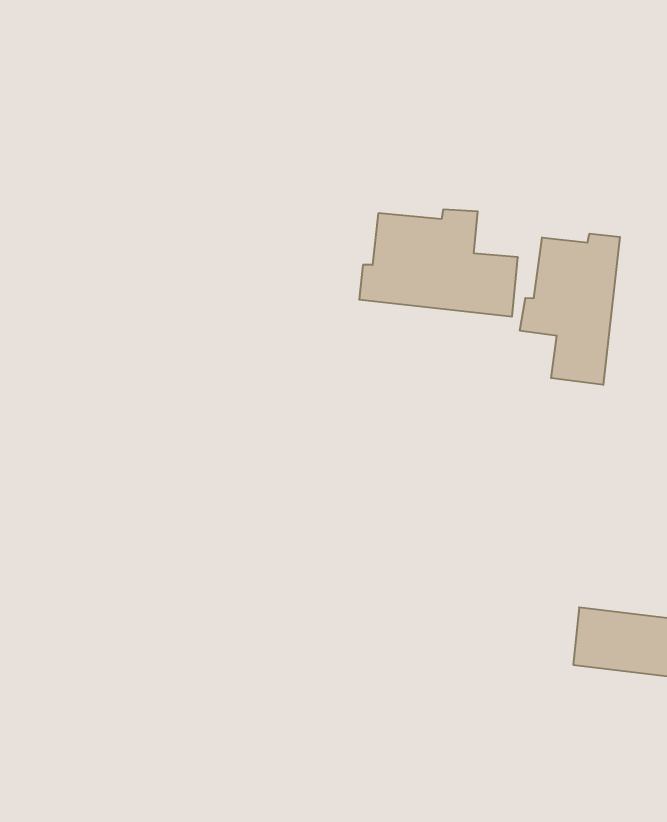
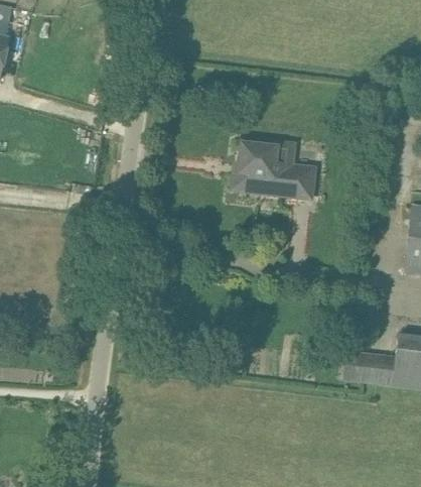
building: [520,234,620,385] -> none

